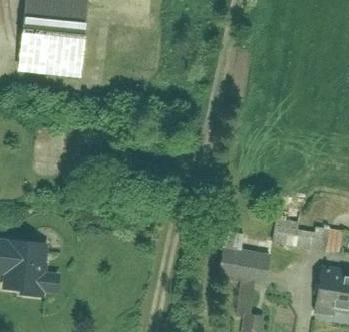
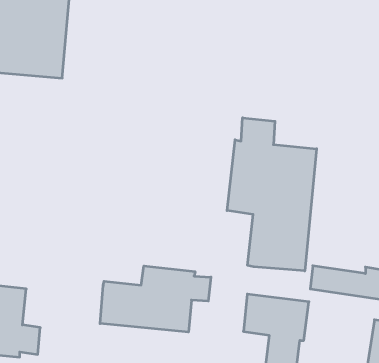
building: none -> [227,118,317,271]
building: none -> [100,266,211,332]

